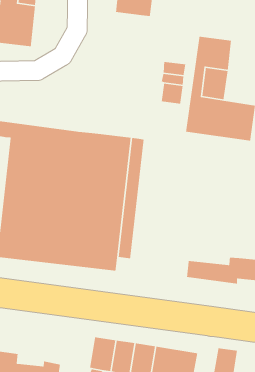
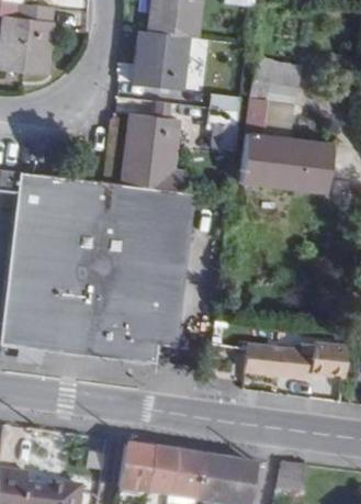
building: none -> [137,31,189,90]
building: none -> [127,112,185,191]

